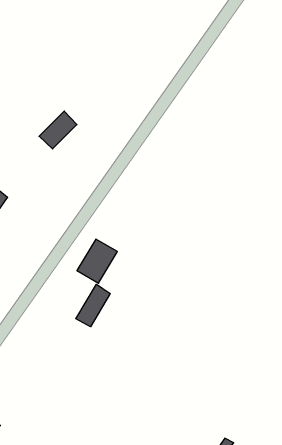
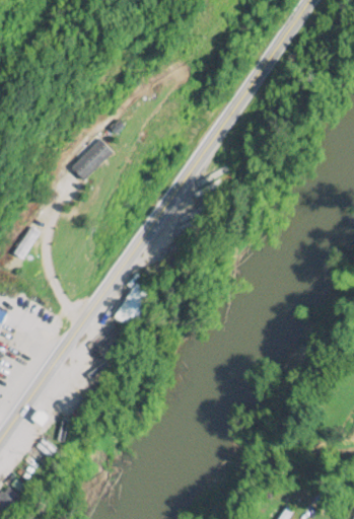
building: [76,284,110,327] -> none

